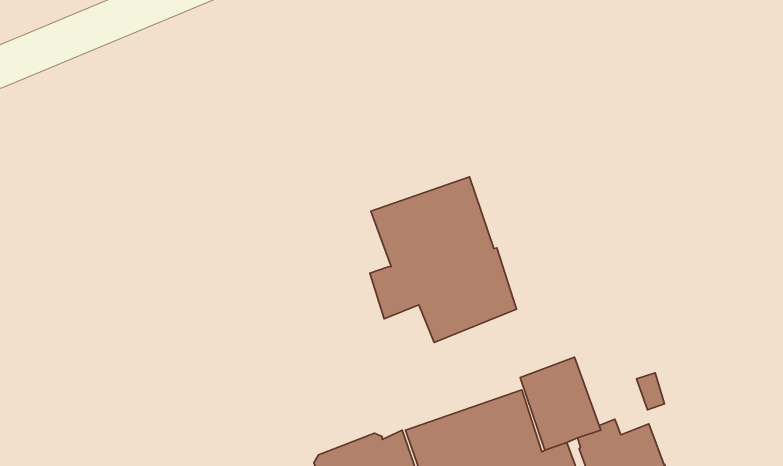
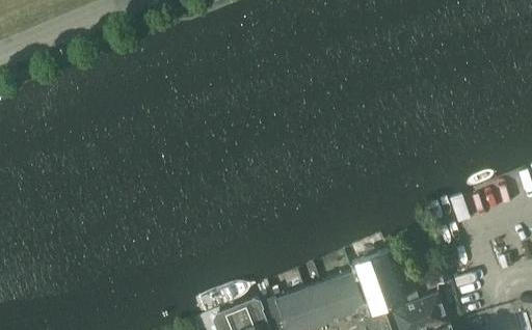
building: [370,177,517,343] -> none

